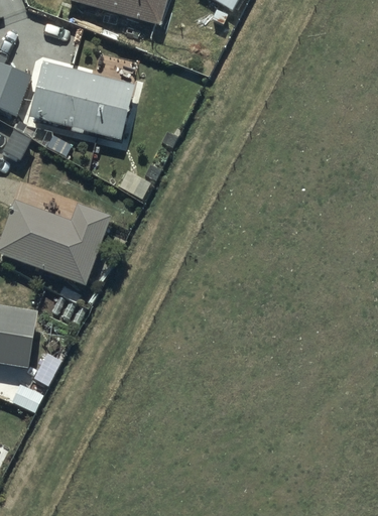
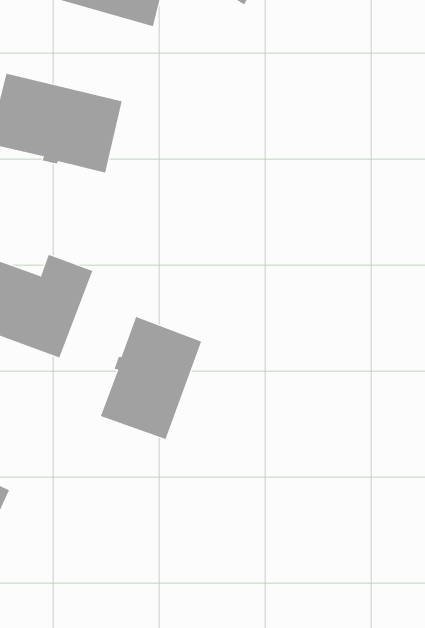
building: none -> [100,316,202,440]

